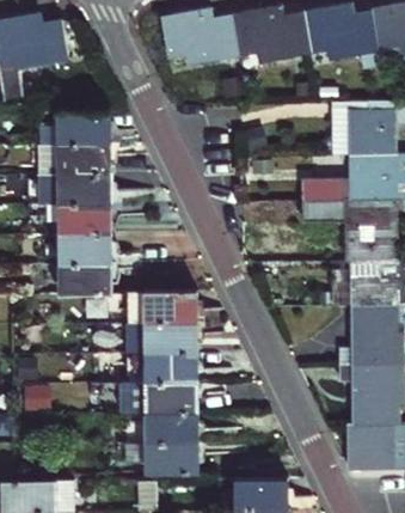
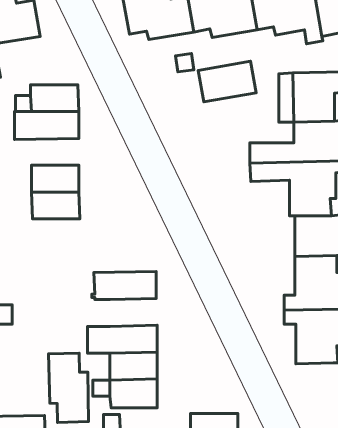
building: none -> [198,61,256,102]
building: [38,175,110,204] -> none
building: [59,264,111,294] -> none
building: [127,293,196,324] -> none
building: [145,353,197,384] -> none
building: none -> [48,353,88,422]
building: [346,425,393,470] -> none

